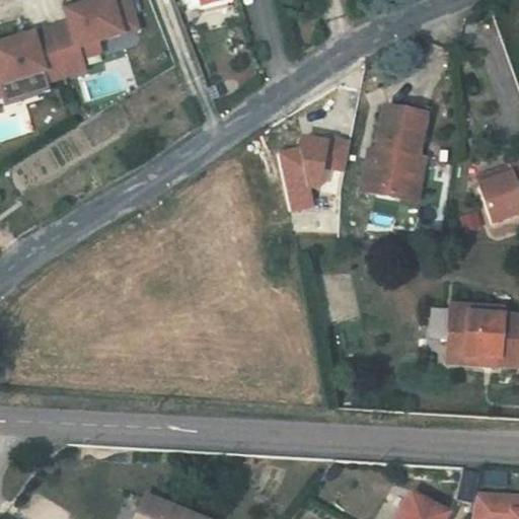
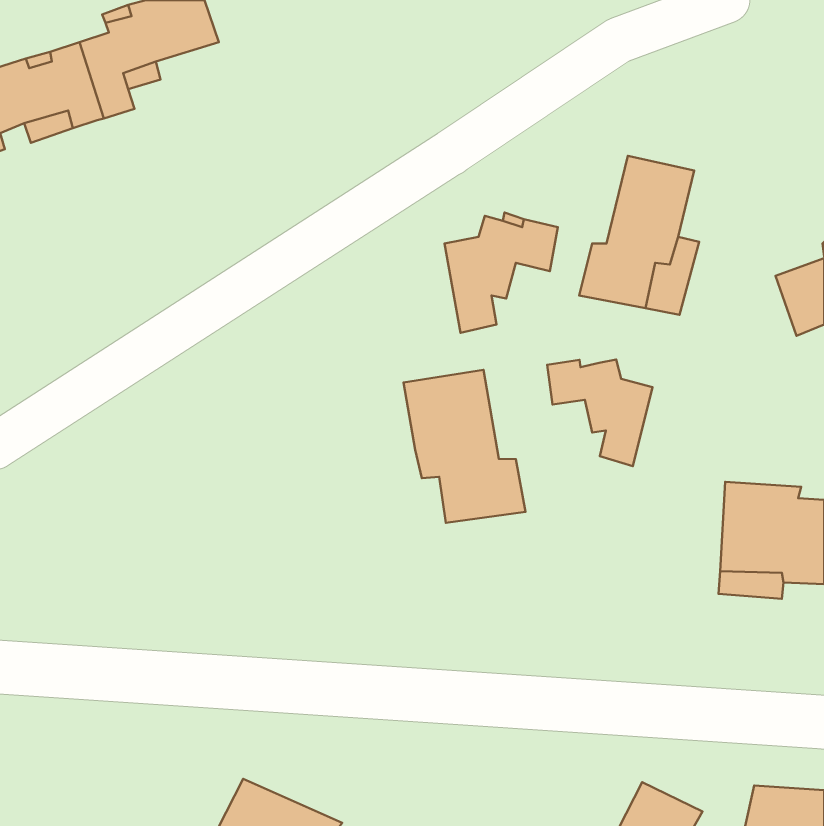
building: none -> [547,360,653,466]
building: none -> [404,370,525,523]

